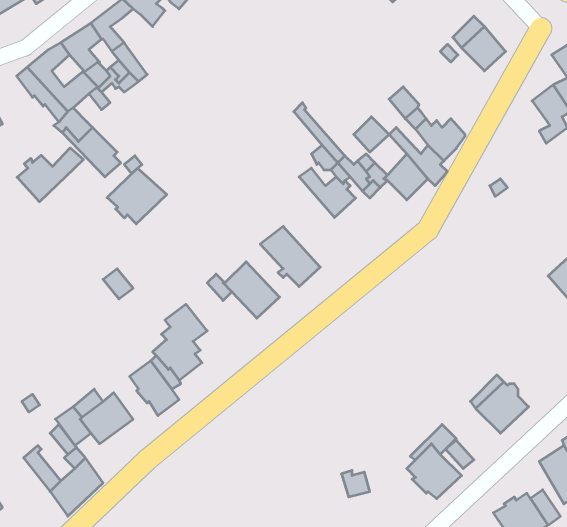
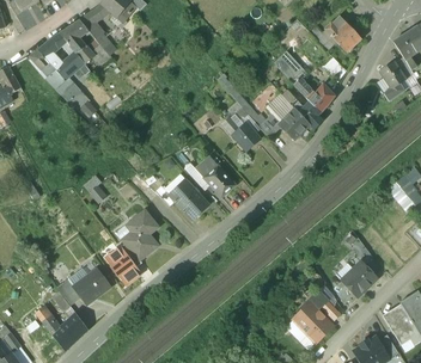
building: [17,148,83,202] -> none
building: [107,168,167,224] -> none

